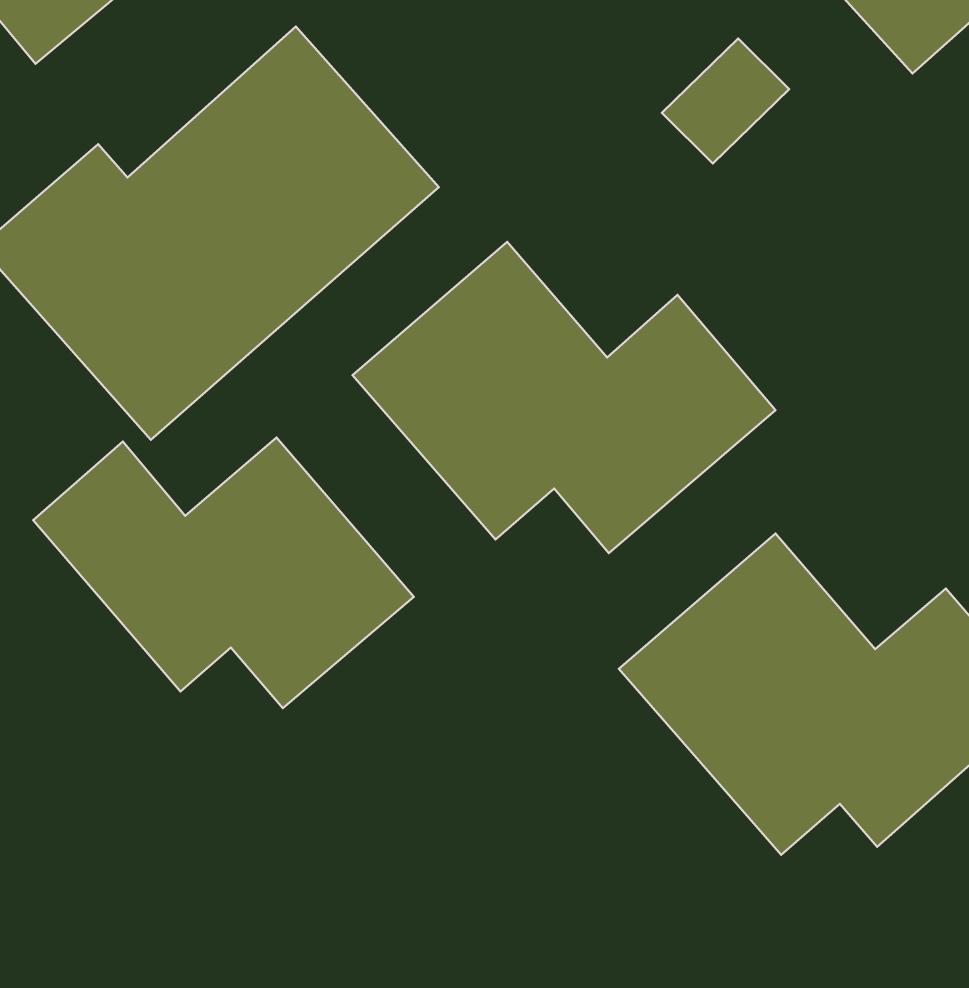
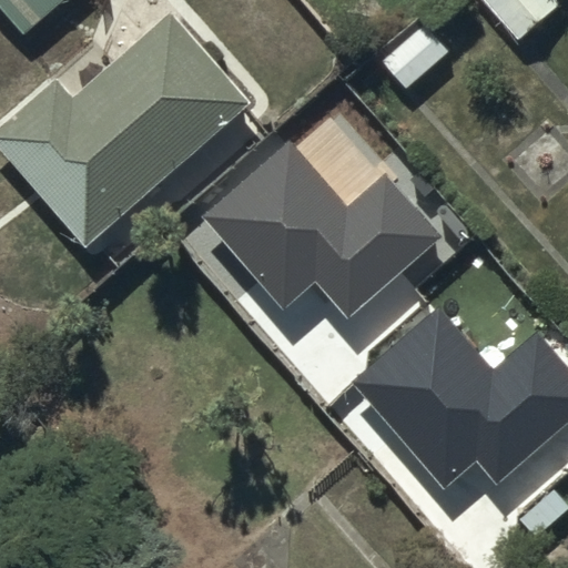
building: [33,438,414,708] -> none

